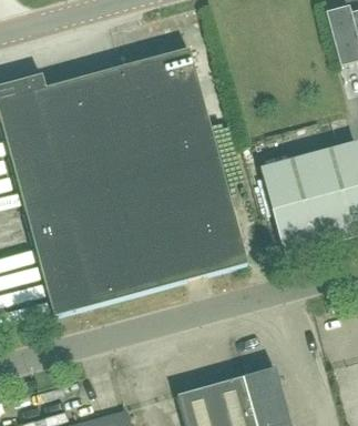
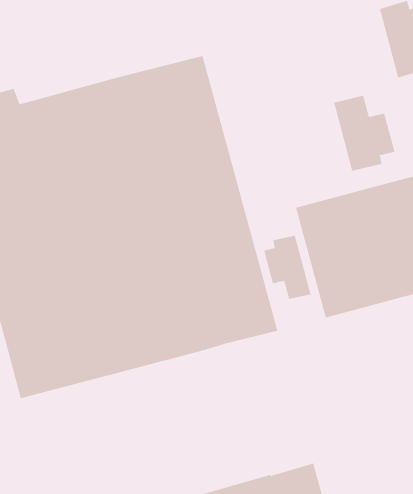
building: none -> [333,95,396,172]
building: none -> [263,235,311,300]

